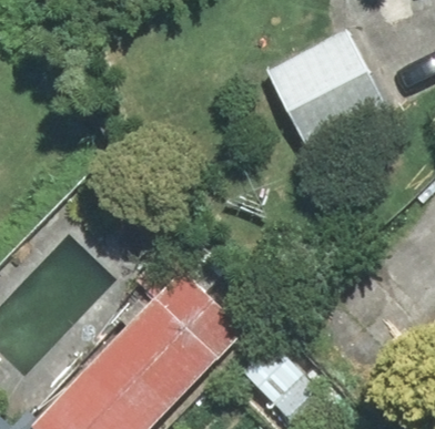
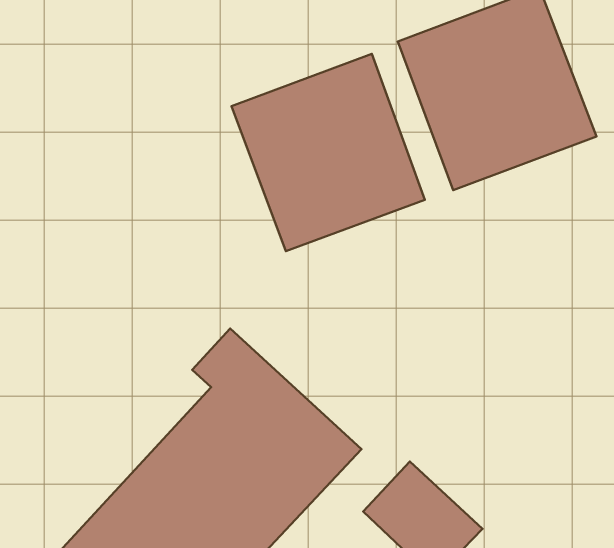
building: none -> [232,54,425,251]

